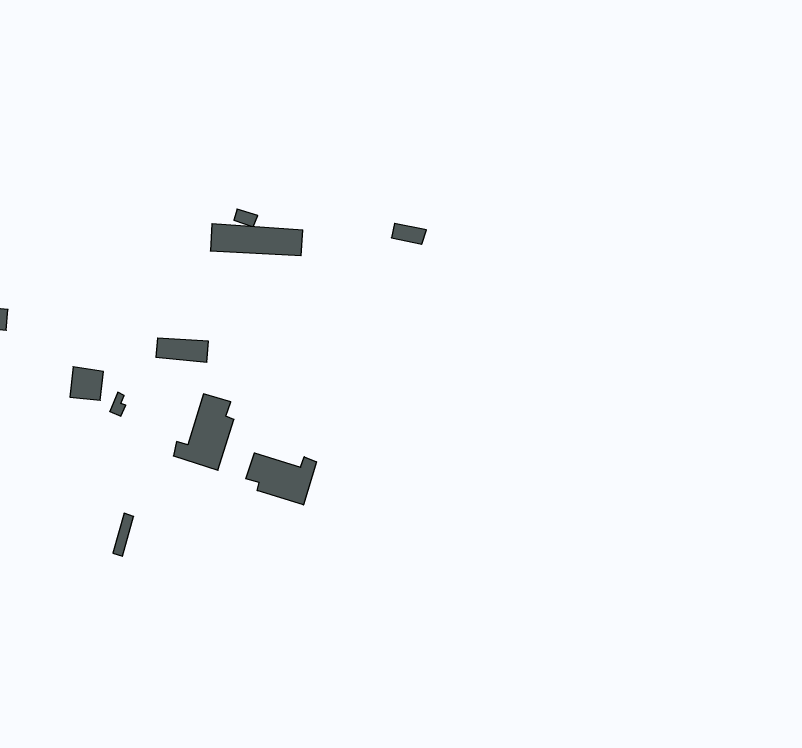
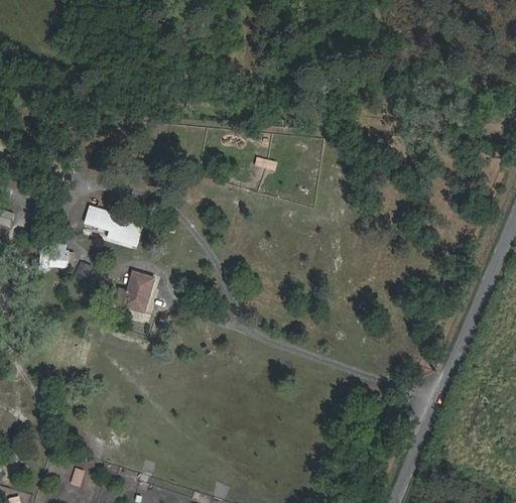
building: [210,224,303,256] -> [83,211,141,231]
building: [246,453,316,505] -> none

